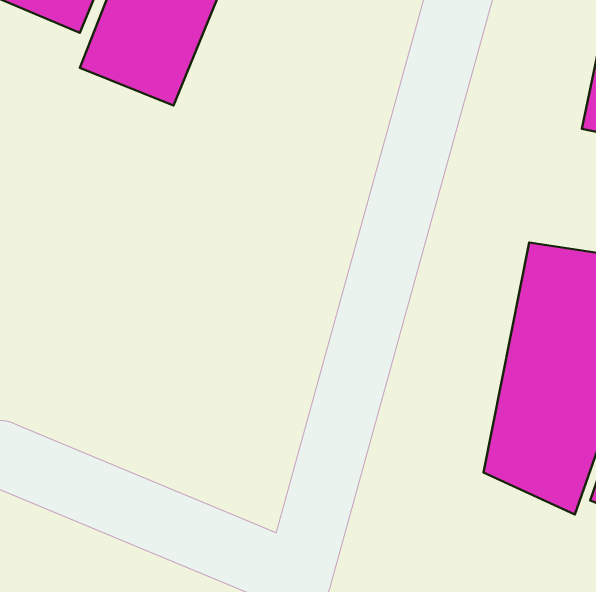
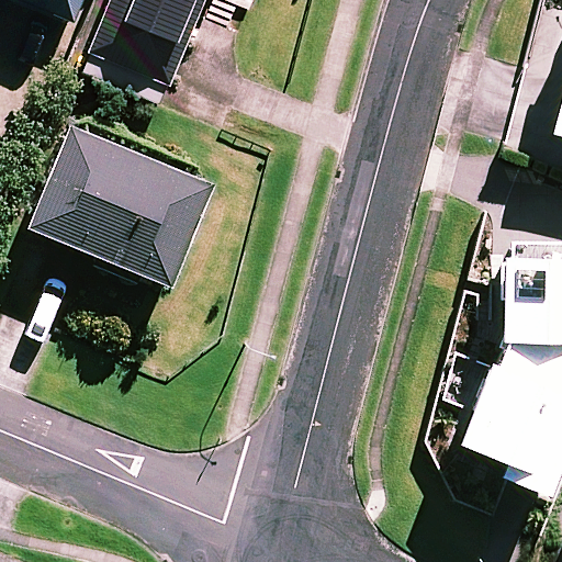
building: none -> [35,125,217,283]

